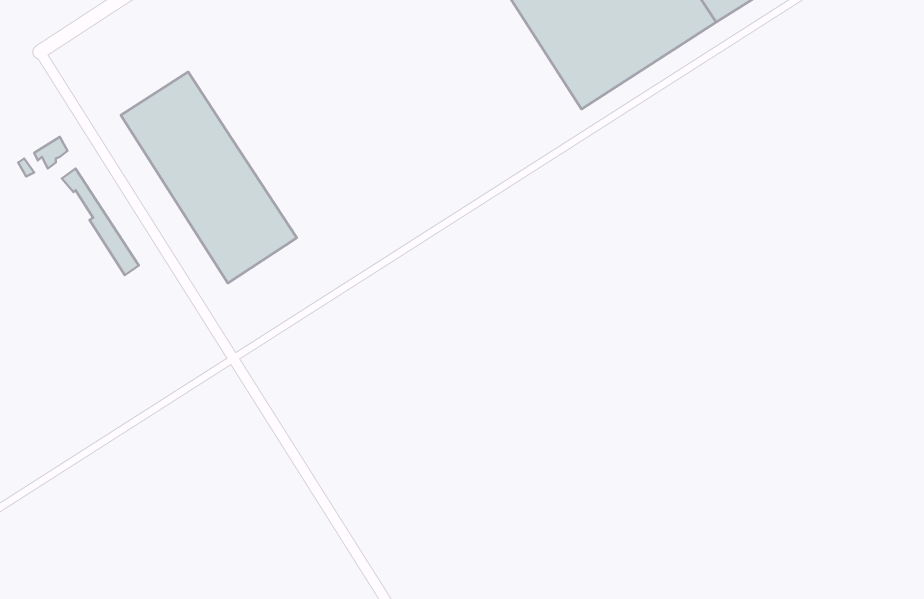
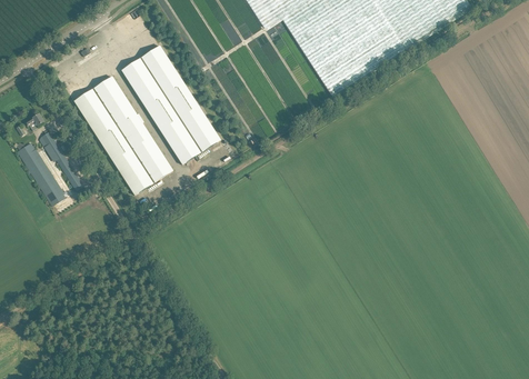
building: none -> [121,44,220,163]
building: none -> [16,141,64,206]

